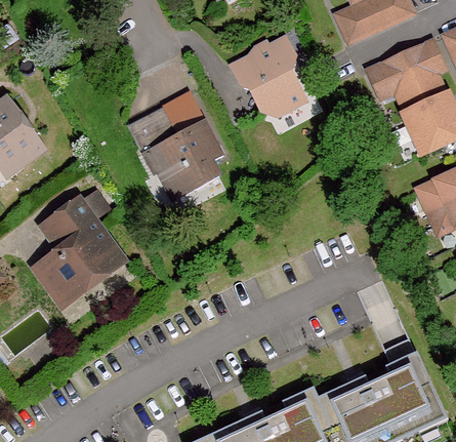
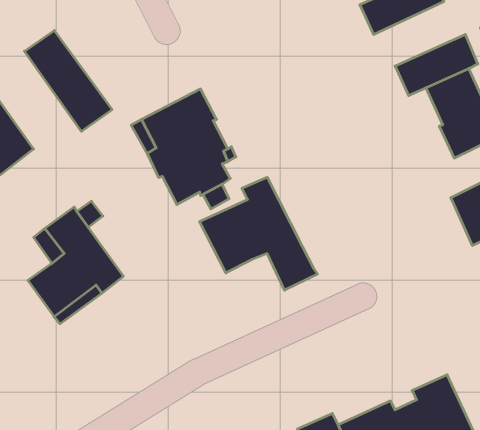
building: none -> [24,30,112,131]
building: [235,41,308,117] -> none
building: none -> [200,177,317,290]

